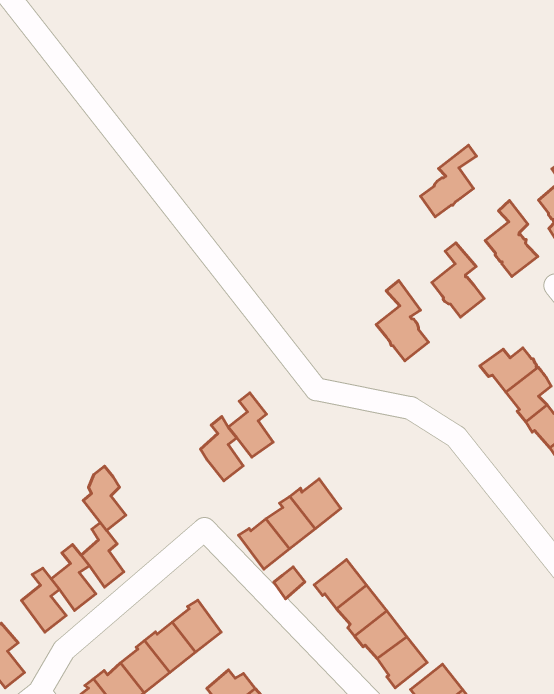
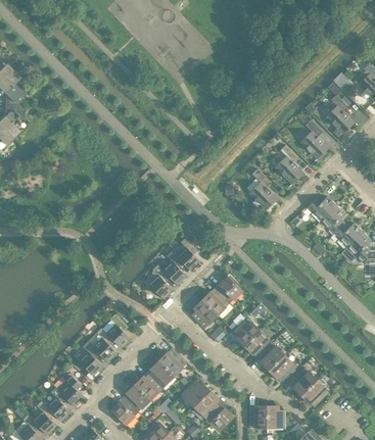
building: [420,145,477,217] -> none
building: [83,466,126,530] -> [149,264,173,298]

